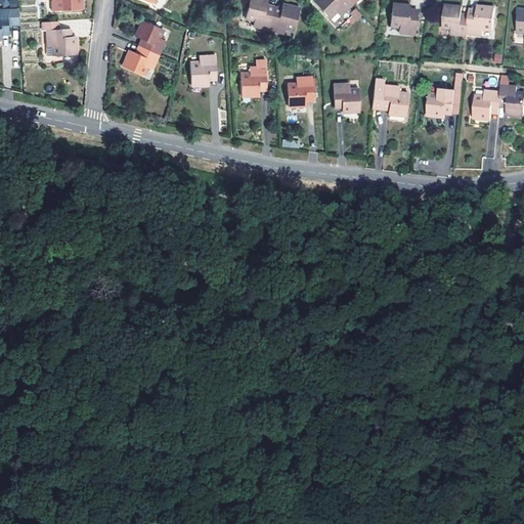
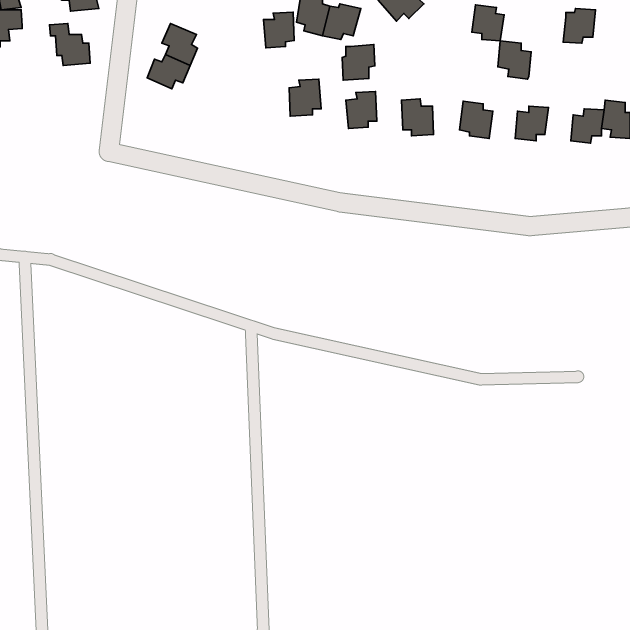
building: [441,5,469,37] -> [498,41,531,79]
building: none -> [342,45,375,80]
building: [189,55,215,85] -> [263,12,294,48]

